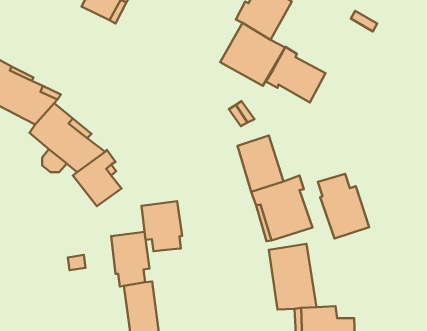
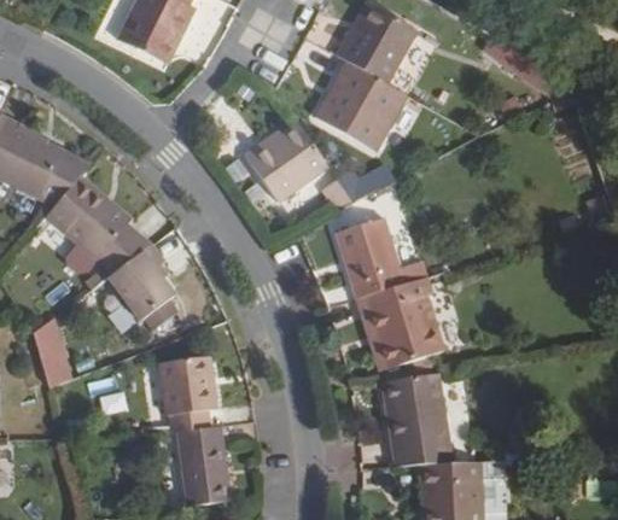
building: [266,47,326,103] -> none
building: none -> [246,125,330,201]
building: [318,174,369,239] -> none
building: [142,201,182,251] -> none
building: none -> [27,317,75,384]

